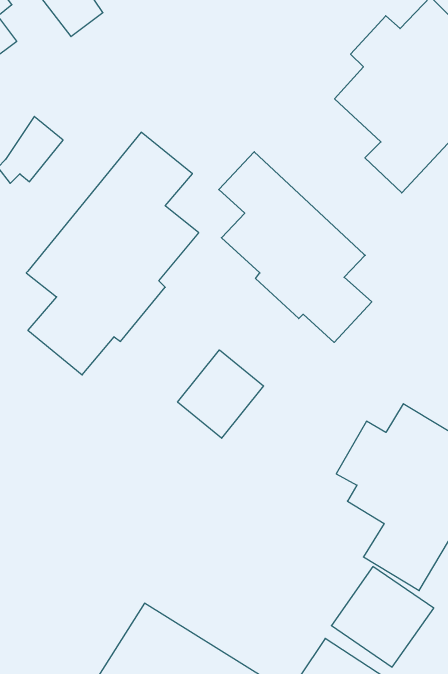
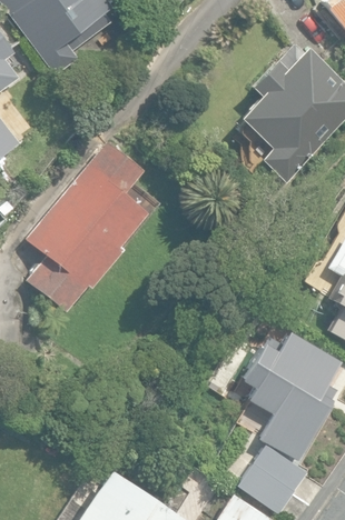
building: [219,152,372,342] -> none
building: [178,350,264,438] -> none

